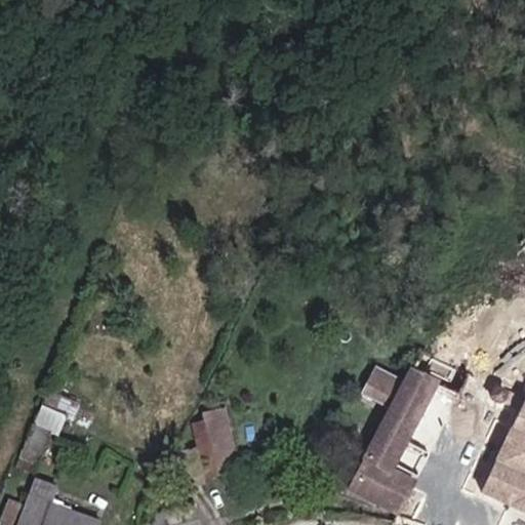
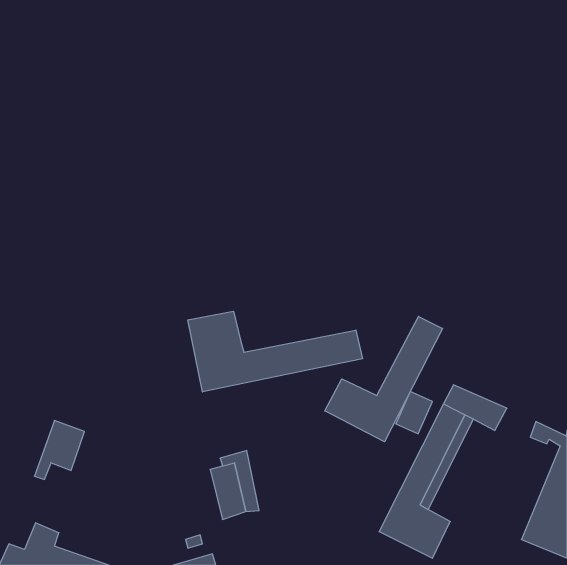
building: none -> [188,311,362,392]
building: none -> [325,316,443,442]

